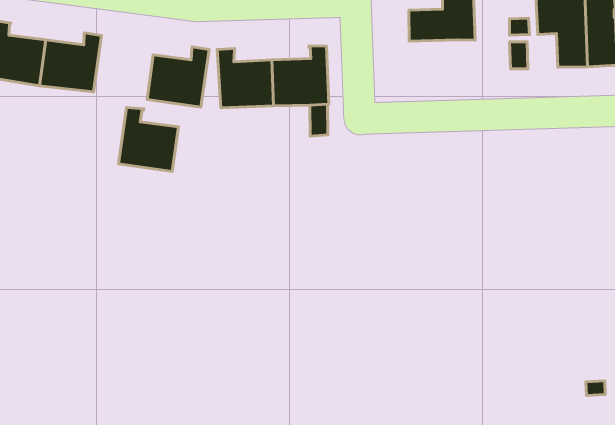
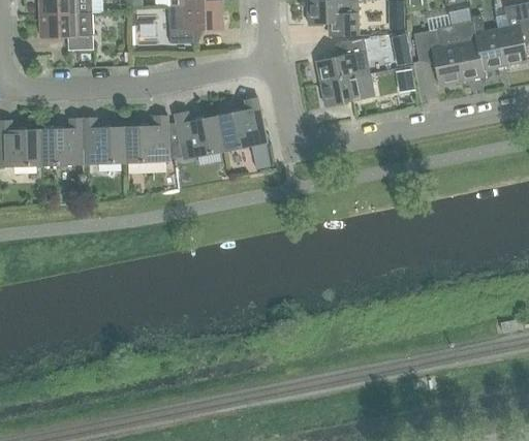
building: none -> [320,76,374,106]
building: [119,107,178,171] -> [83,118,126,163]

